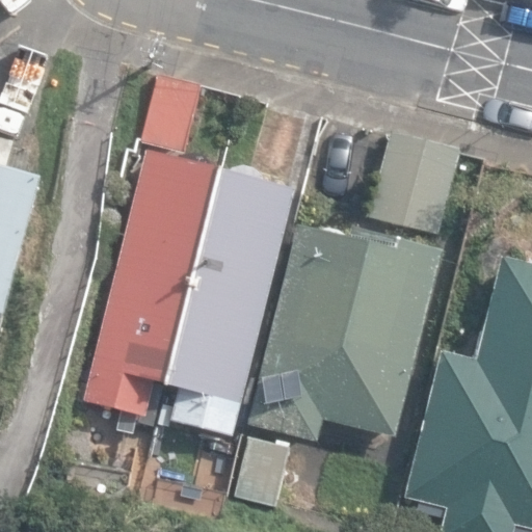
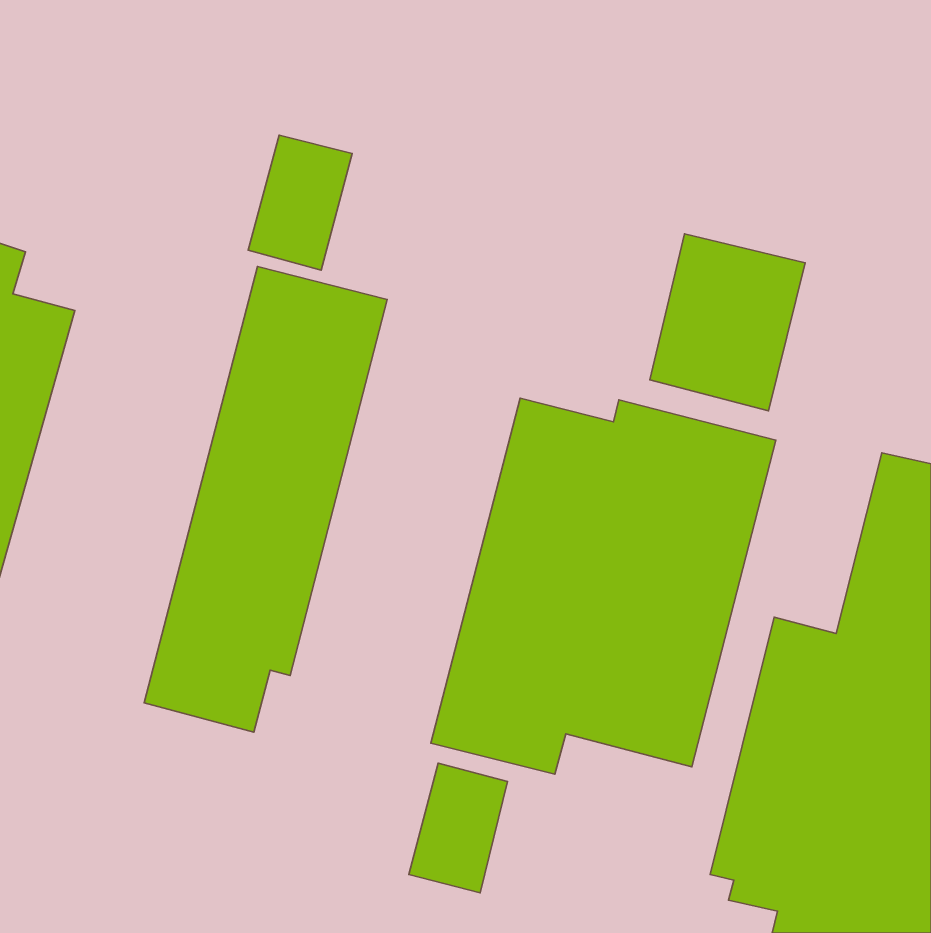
building: [165,170,295,438] -> none

